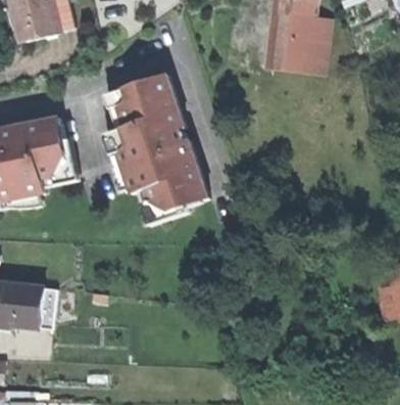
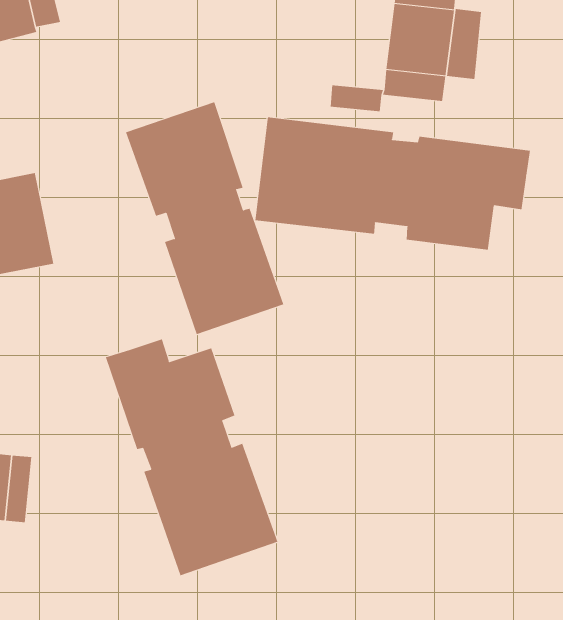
building: none -> [255,116,531,250]
building: none -> [105,339,278,576]

